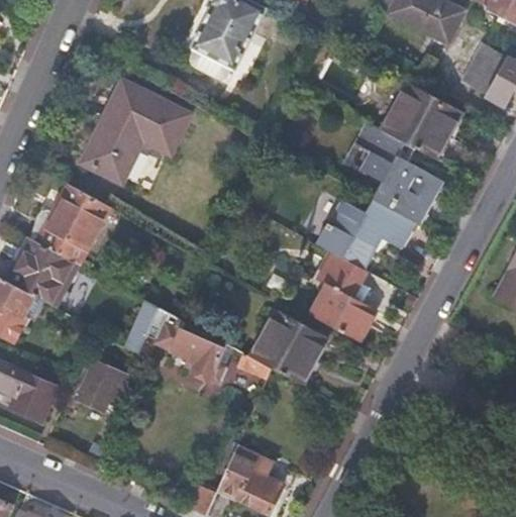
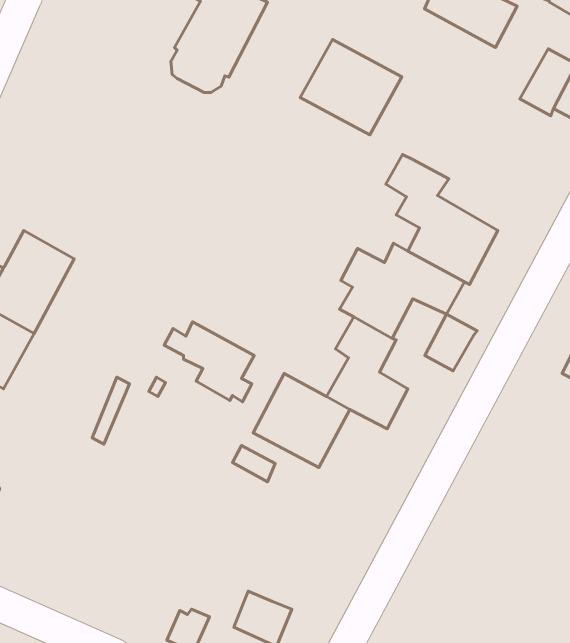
building: [84,80,193,183] -> none
building: [378,84,457,159] -> [300,39,402,135]
building: none -> [425,314,477,371]
building: [153,316,224,379] -> [164,322,254,402]
building: [77,360,125,409] -> none
building: [218,444,274,496] -> none

